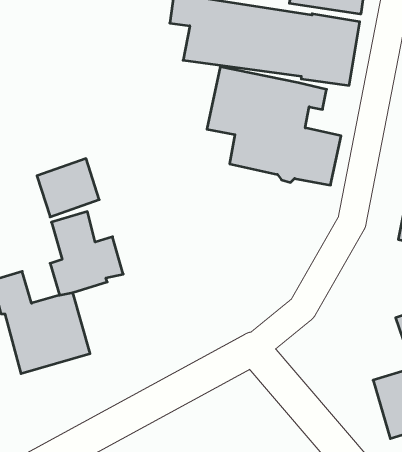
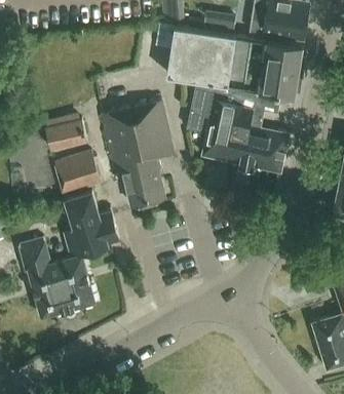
building: none -> [102,102,174,206]
building: none -> [45,120,87,151]

